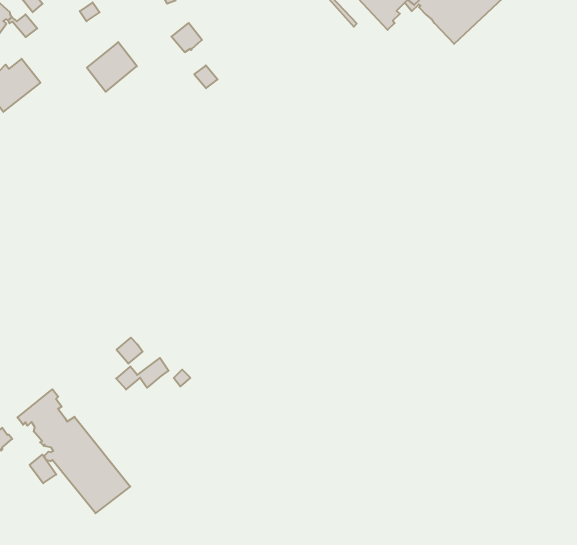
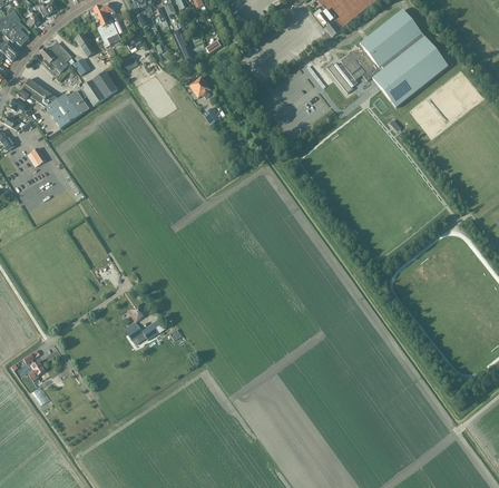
building: [87,42,137,92] -> [81,70,118,106]
building: [17,389,130,513] -> none

